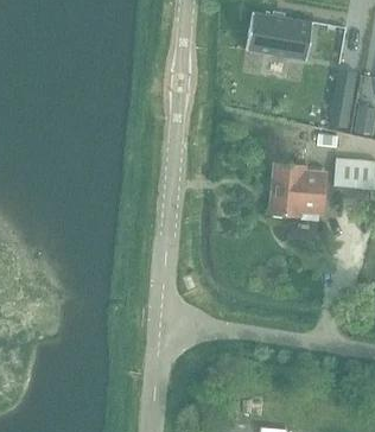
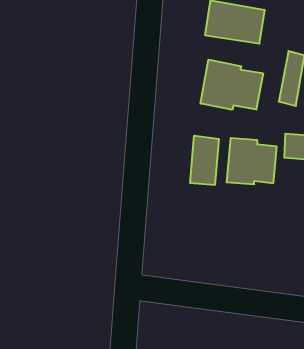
building: none -> [201,60,263,110]
building: none -> [190,136,219,185]

